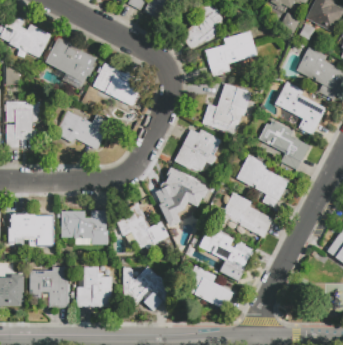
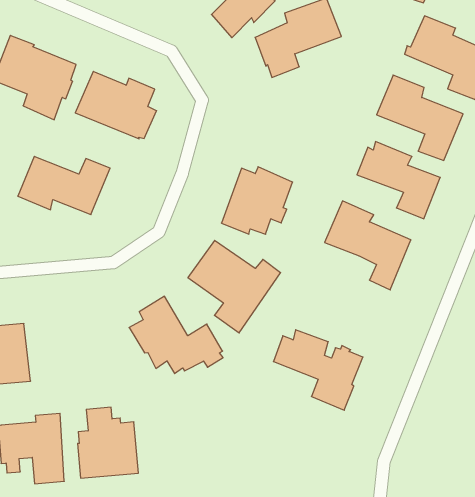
building: [202,84,250,134] -> none
building: [219,192,272,237] -> none
building: [62,211,108,244] -> none
building: [123,266,175,312] -> none
building: [188,266,234,310] -> none

